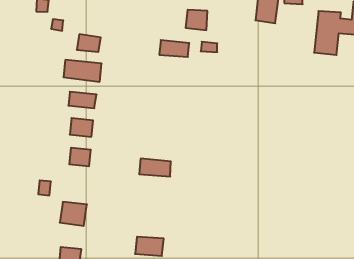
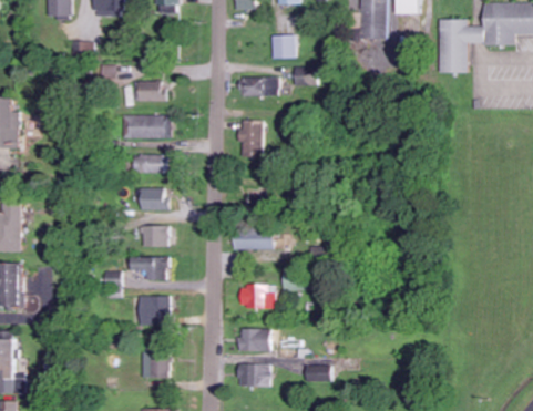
building: none -> [237,120,263,160]
building: none -> [129,257,166,281]
building: none -> [238,285,275,308]

